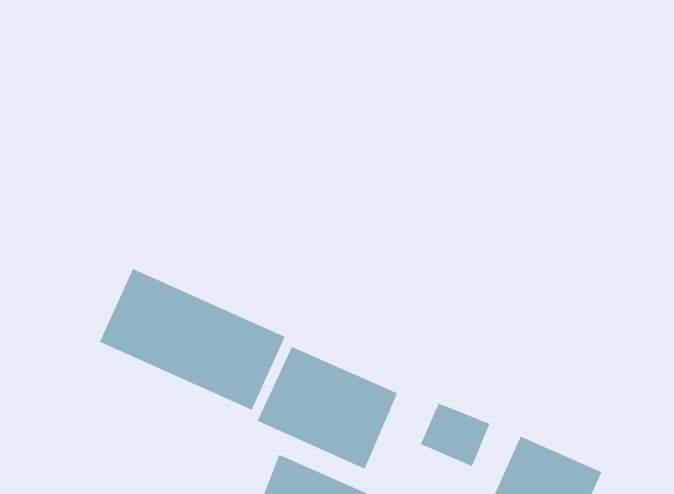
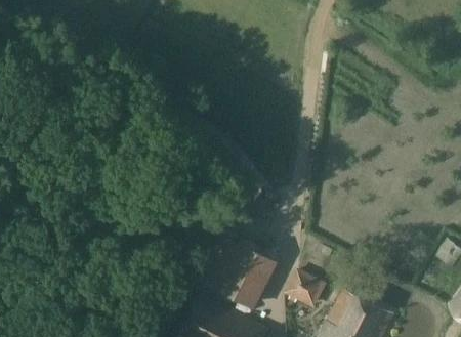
building: [99,268,286,411] -> none

